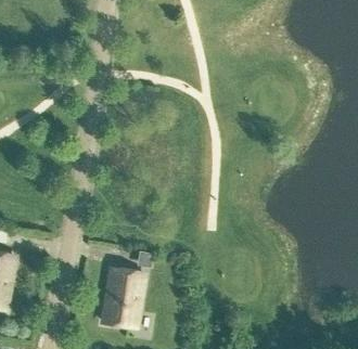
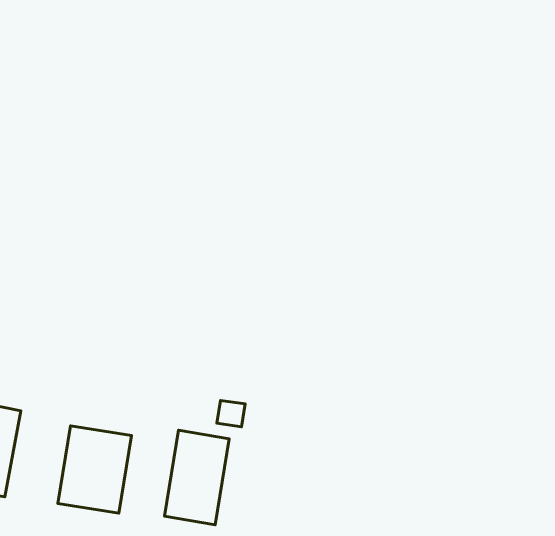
building: none -> [58,426,131,513]

